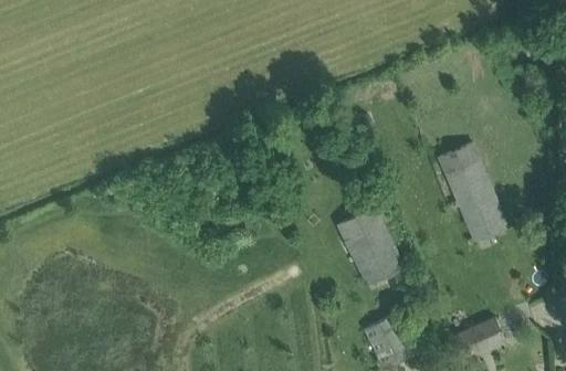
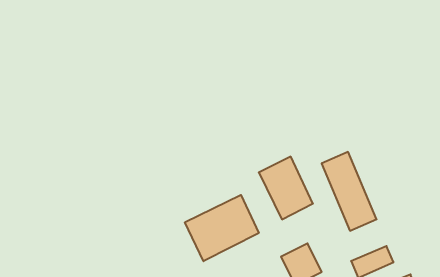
building: [439,144,507,242] -> [322,152,377,231]
building: none -> [185,195,259,261]

